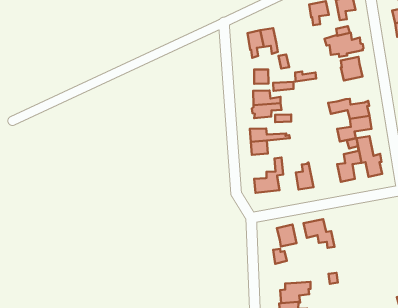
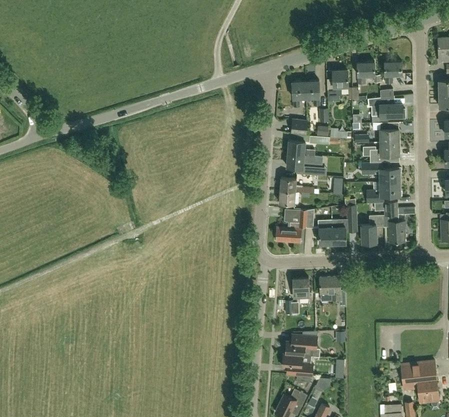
building: none -> [327,70,348,101]
building: none -> [362,142,399,163]
building: none -> [333,205,356,244]

